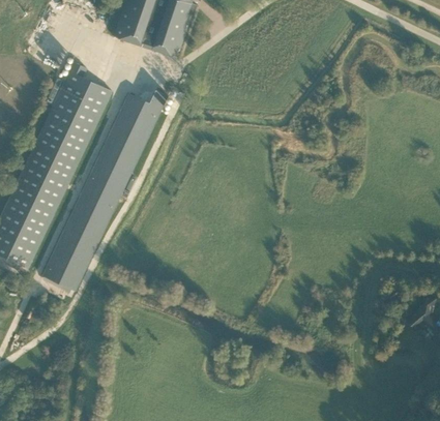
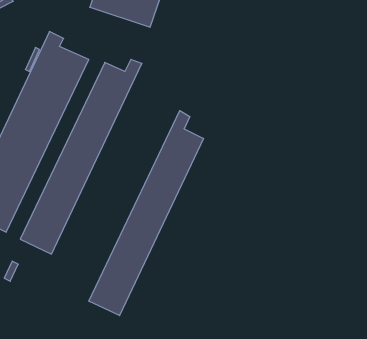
building: none -> [89,111,203,316]

